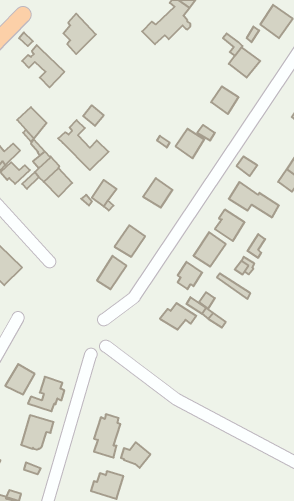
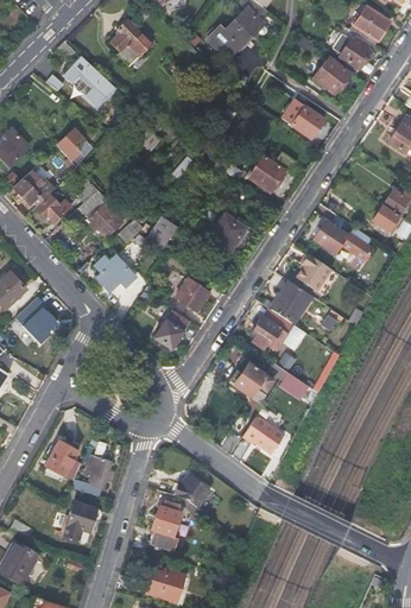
building: none -> [341,37,372,76]
building: [58,120,109,170] -> none
building: none -> [95,255,137,289]
building: none -> [241,416,283,452]
building: [121,442,150,468] -> [169,473,204,504]

